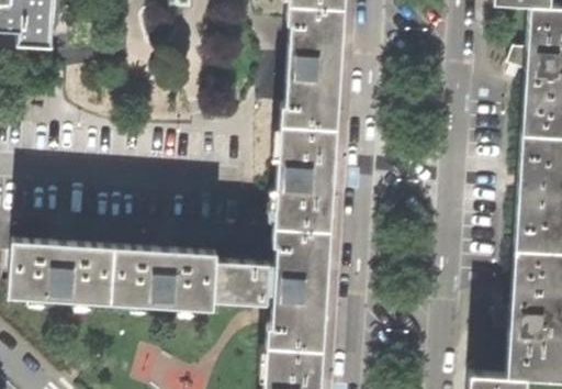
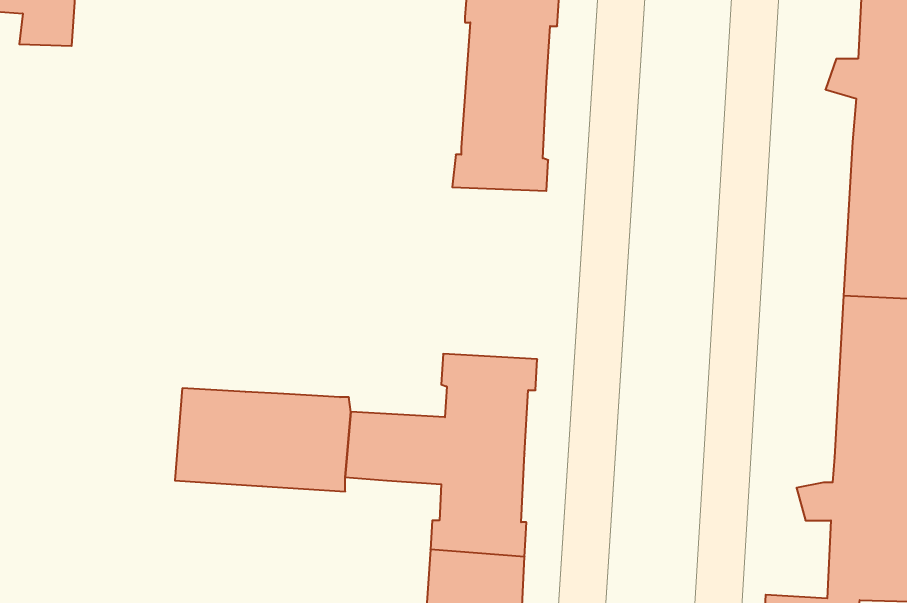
building: [276,127,338,232] -> none
building: [13,242,117,305] -> none

